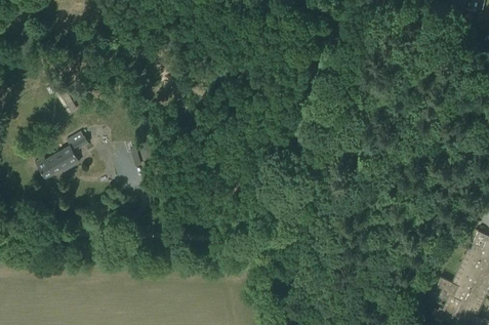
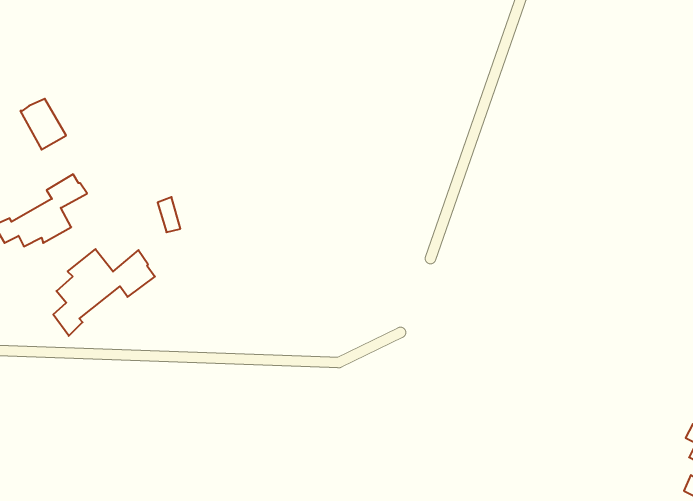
building: none -> [53,249,155,336]

